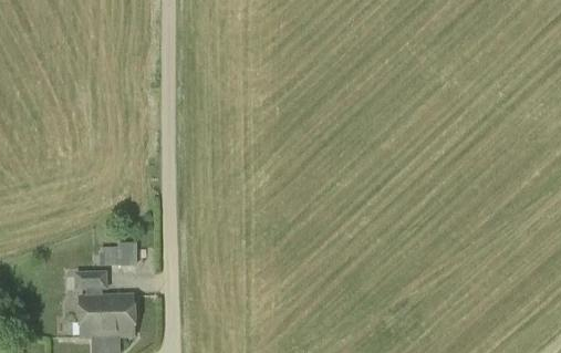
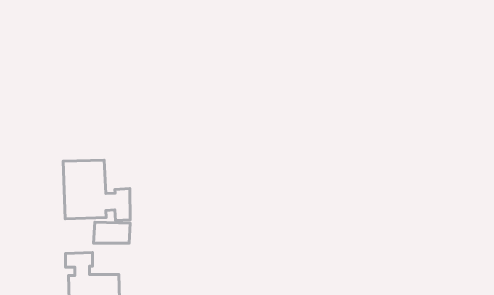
building: none -> [63,160,130,221]

